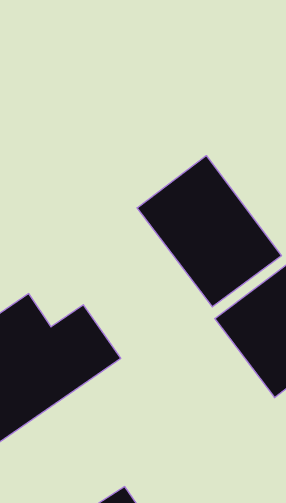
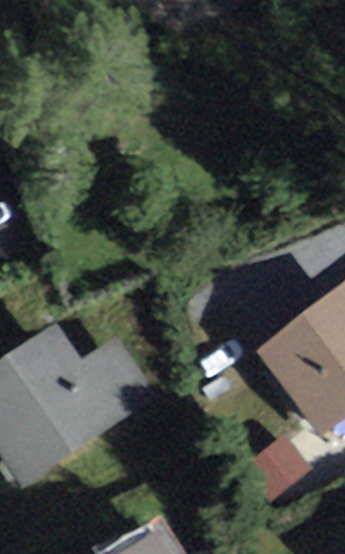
building: [137,156,281,307] -> none

